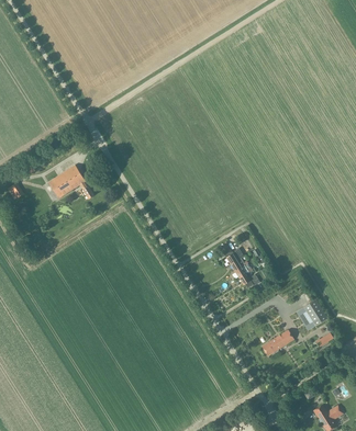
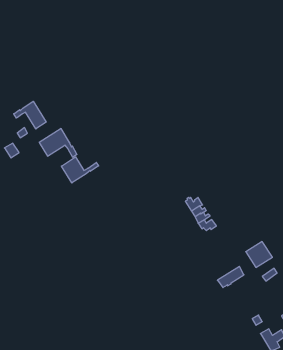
building: none -> [14,101,46,129]
building: none -> [61,157,99,183]

